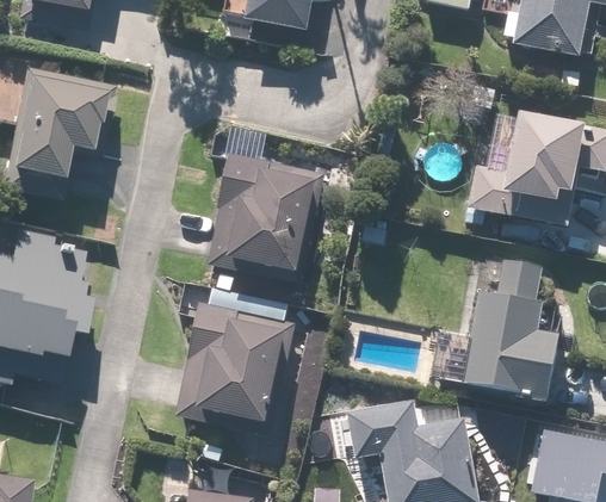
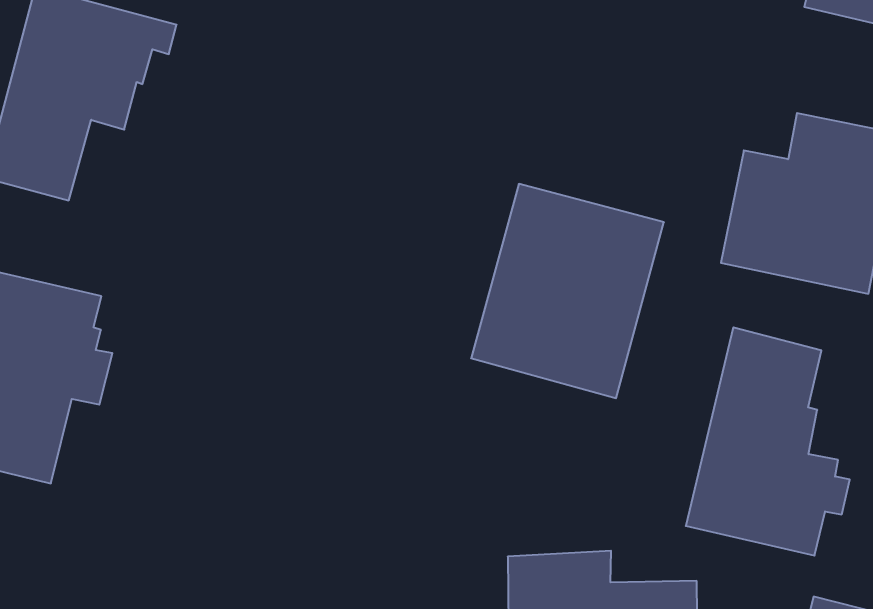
building: [206,155,323,287] -> [471,184,664,398]
building: [175,300,297,435] -> none

